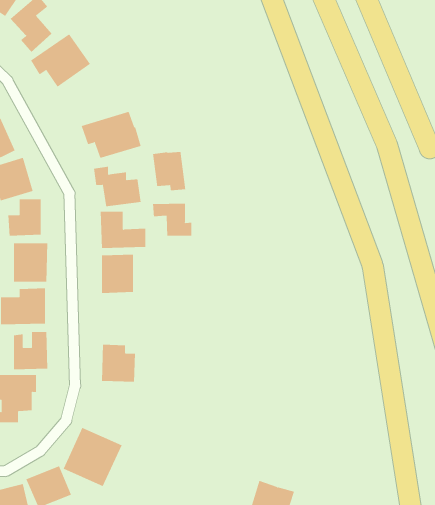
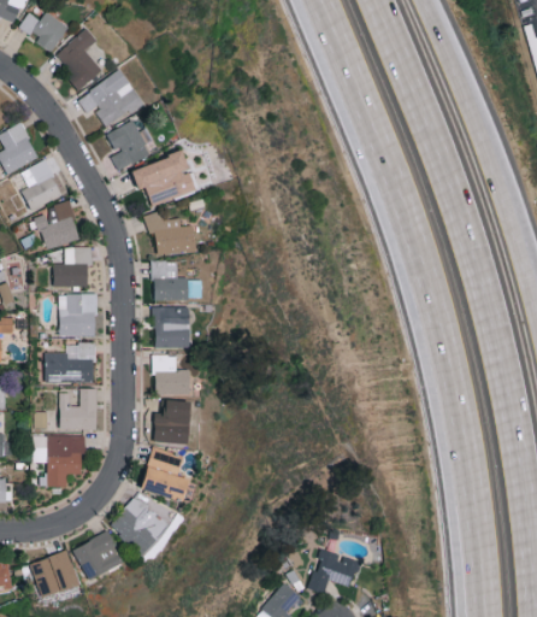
building: none -> [107,121,152,170]
building: [152,151,186,191] -> none
building: [153,203,192,237] -> none
building: none -> [154,354,191,395]
building: none -> [142,447,189,501]

